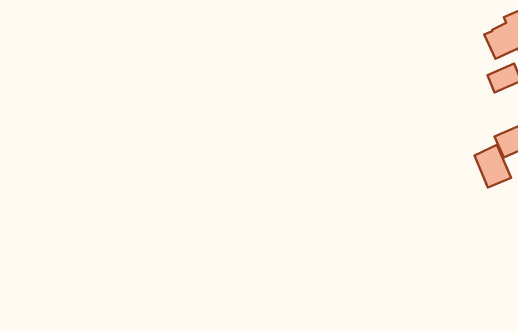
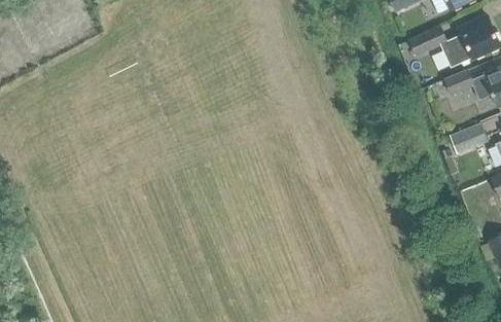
building: none -> [408,25,448,57]
building: [475,145,511,188] -> none

